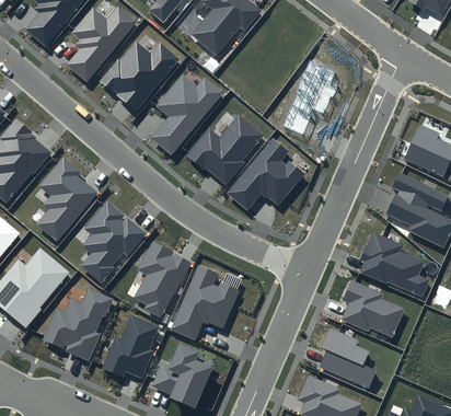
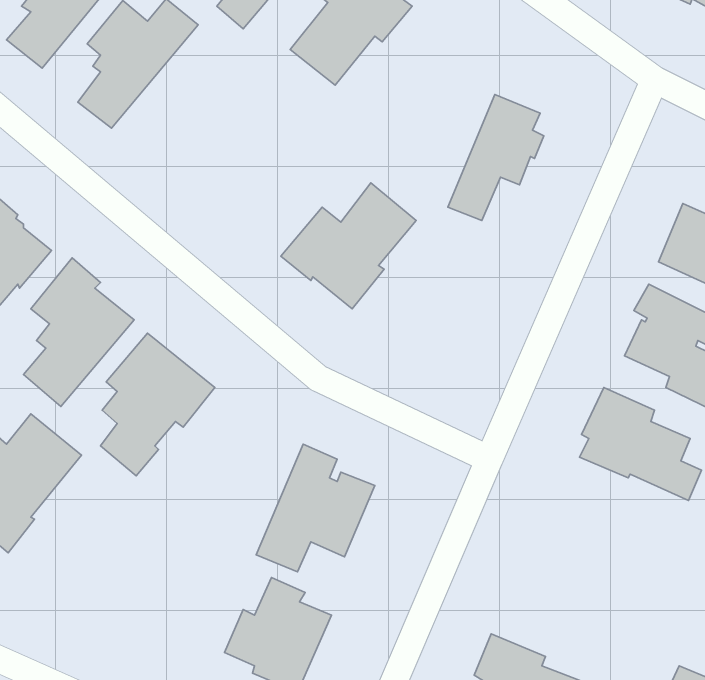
building: [99,41,181,113] -> none
building: [152,73,223,153] -> none
building: [227,138,305,210] -> none
building: [134,242,192,319] -> none
building: [340,280,405,338] -> none
building: [43,289,113,360] -> none
building: [102,315,159,379] -> none
building: [320,327,375,388] -> none

